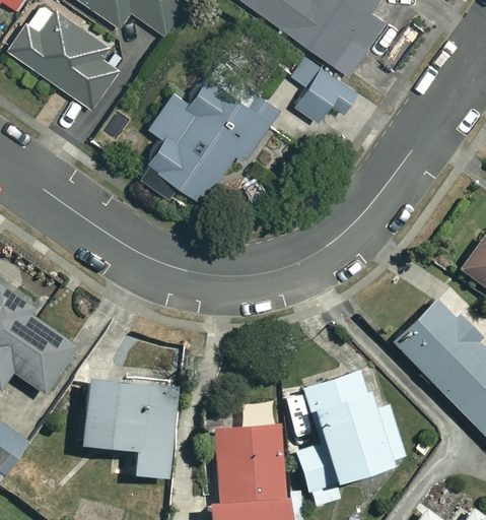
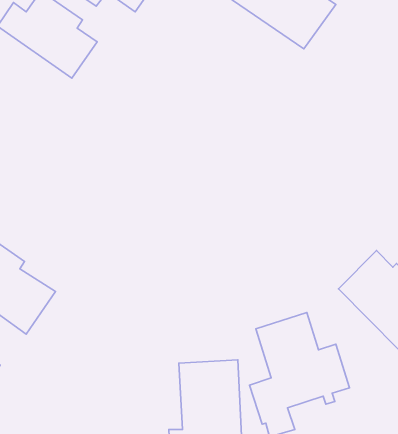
building: [294,55,360,123] -> none
building: [147,73,285,201] -> none
building: [76,376,178,478] -> none

